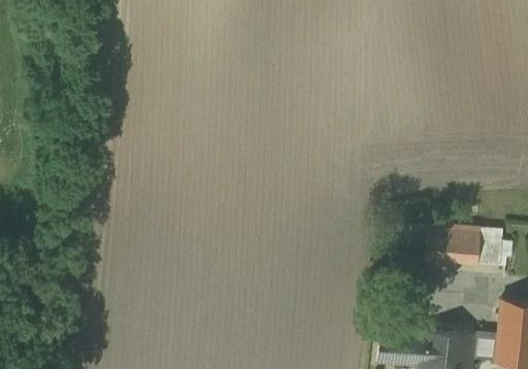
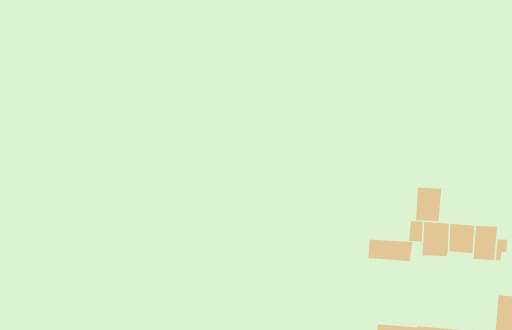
building: none -> [416,187,442,222]
building: none -> [368,239,413,262]

